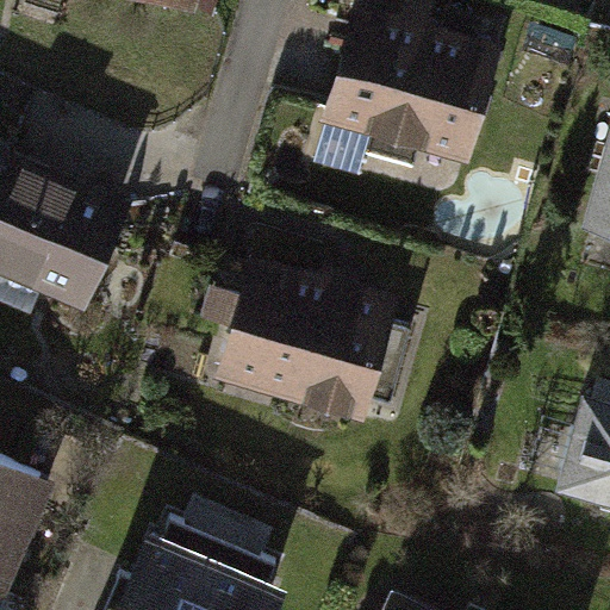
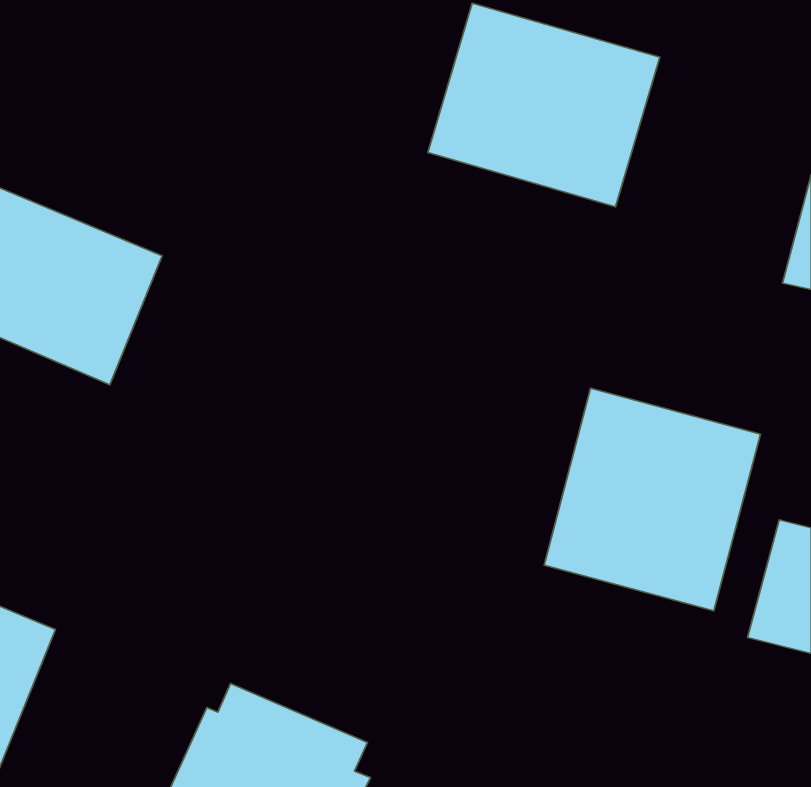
building: [225,270,393,419] -> none
building: none -> [544,388,760,611]

